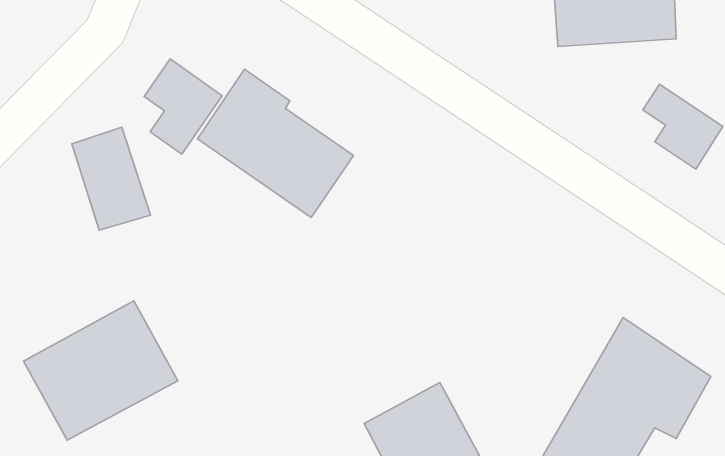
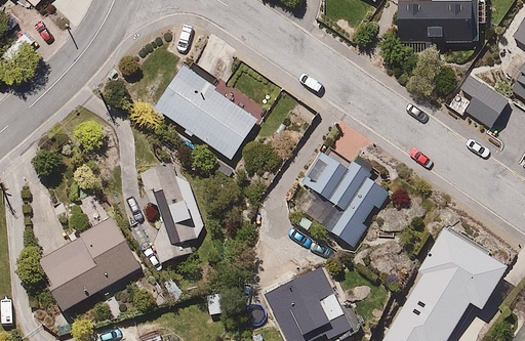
building: [144,59,222,154] -> none
building: [72,127,151,230] -> [154,174,207,244]
building: none -> [299,146,390,248]

